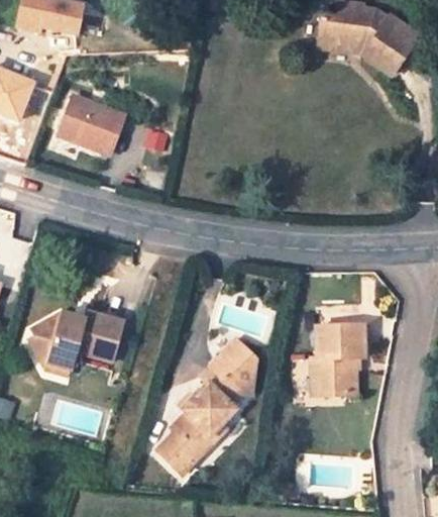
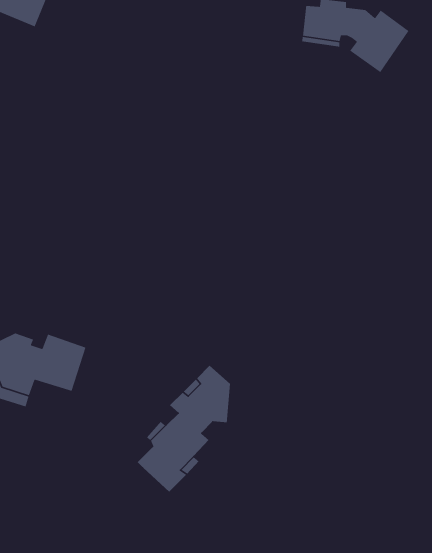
building: [60,98,122,156] -> none
building: [311,327,364,395] -> none
building: [157,433,199,474] -> none

